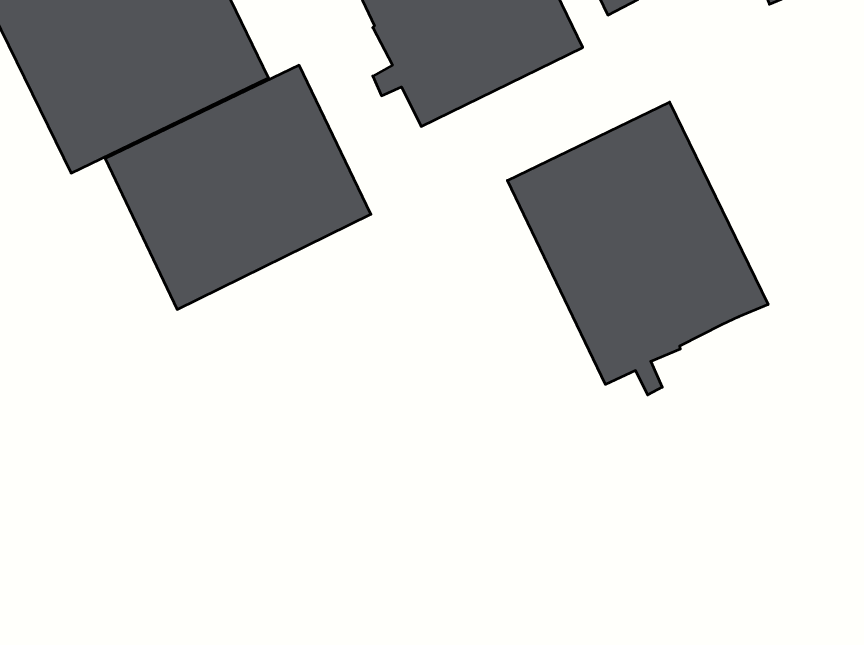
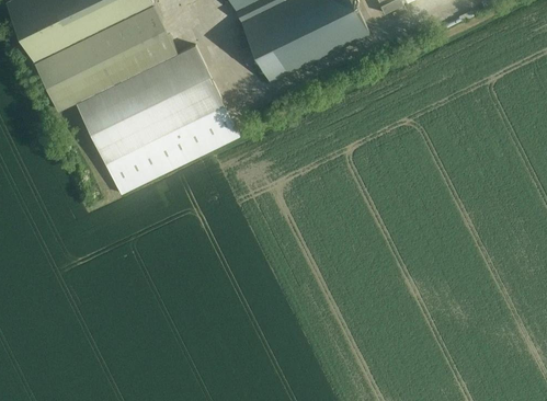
building: [507,102,768,395] -> none

